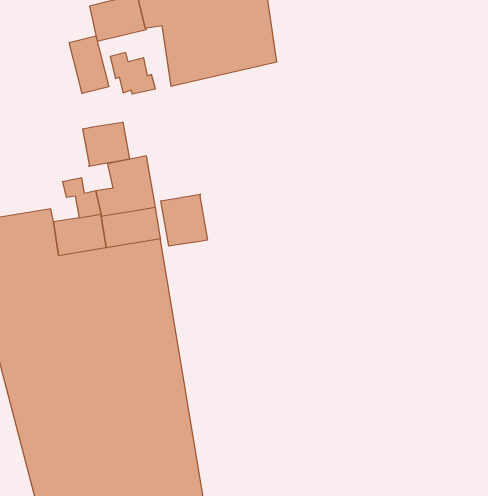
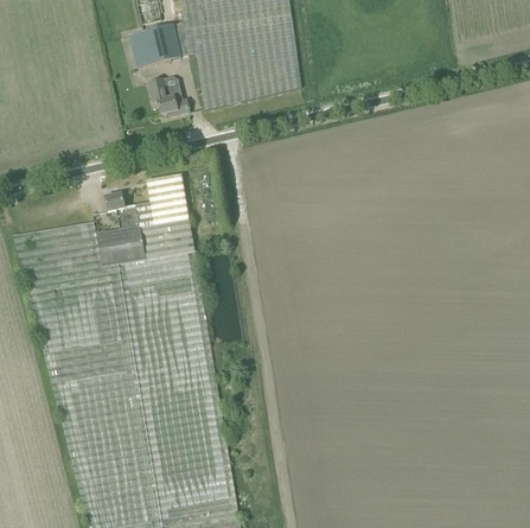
building: [69,36,109,94] -> none
building: [83,122,130,166] -> none
building: [161,194,207,246] -> none

